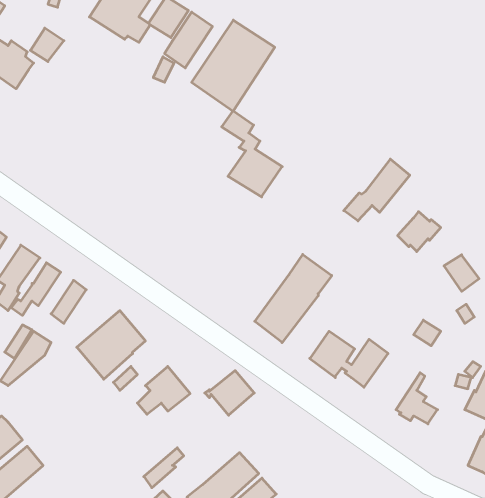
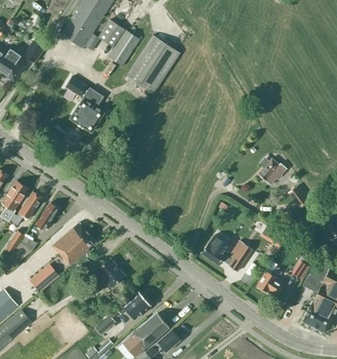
building: [222,111,282,197] -> [66,76,104,131]
building: [344,159,410,221] -> none
building: [255,254,332,343] -> none
building: [205,371,254,415] -> [119,290,151,319]
building: none -> [30,264,58,291]

